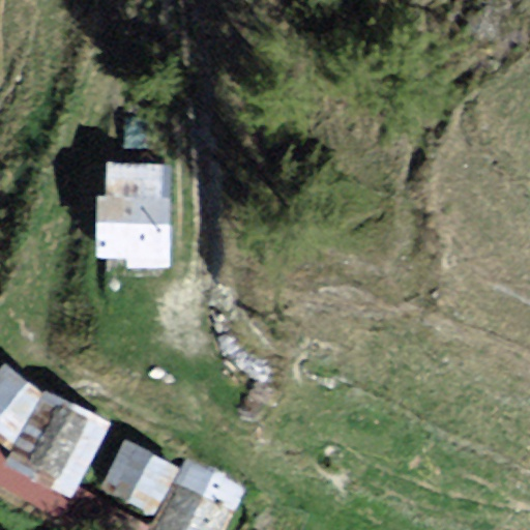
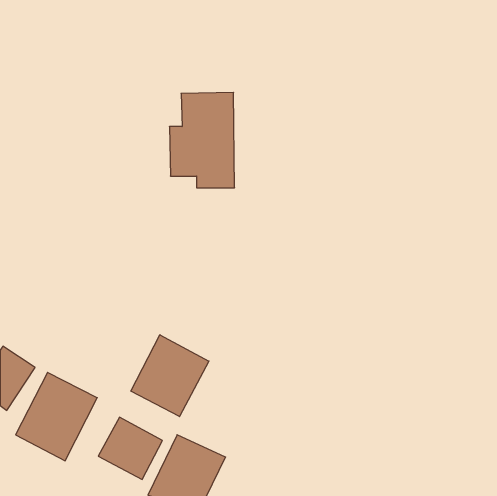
building: [100,165,170,266] -> [169,92,235,188]
building: none -> [131,335,209,417]

